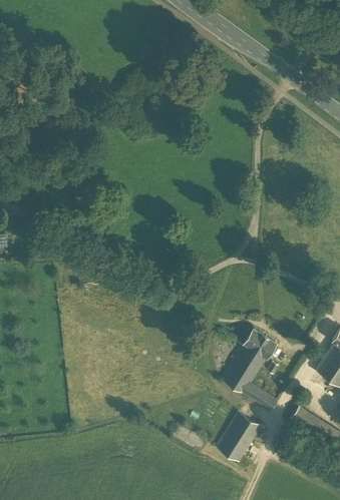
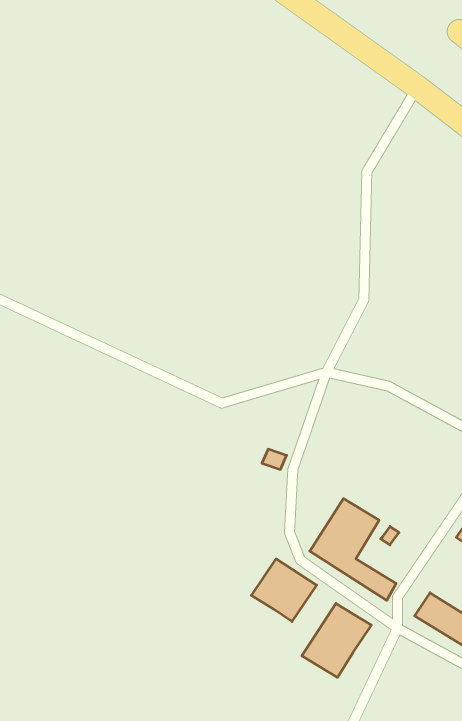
building: [244,330,277,360] -> none
building: none -> [251,559,317,622]

